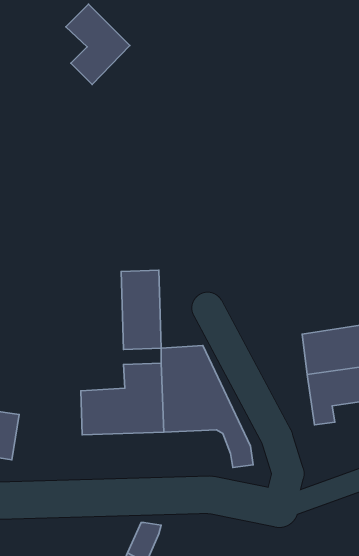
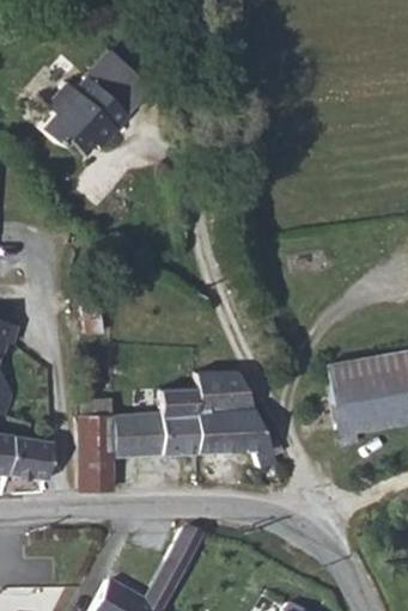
building: none -> [47,68,126,148]
building: [121,270,161,349] -> [79,415,117,490]

